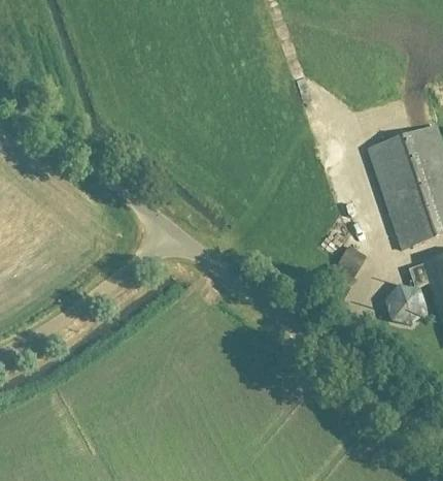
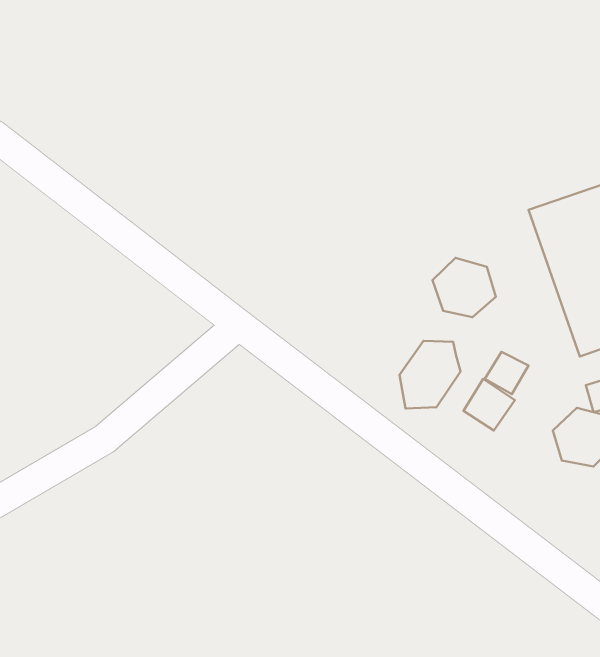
building: none -> [433,258,496,317]
building: none -> [400,341,460,408]

